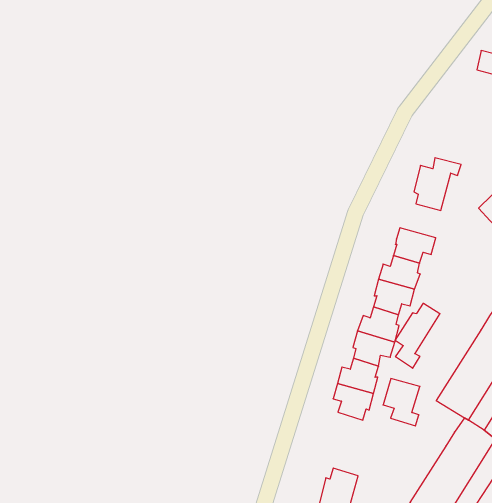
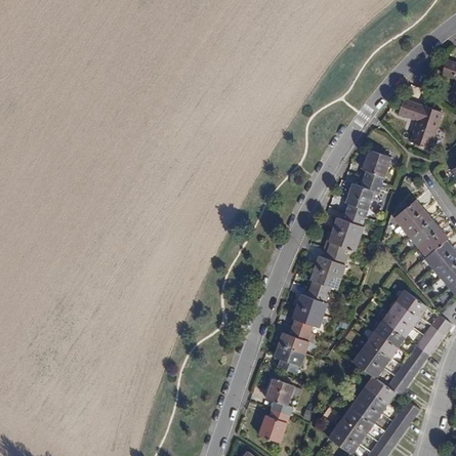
building: none -> [363,150,391,184]
building: none -> [333,212,365,239]
building: [395,303,440,368] -> none
building: [383,379,420,426] -> [266,378,295,415]

